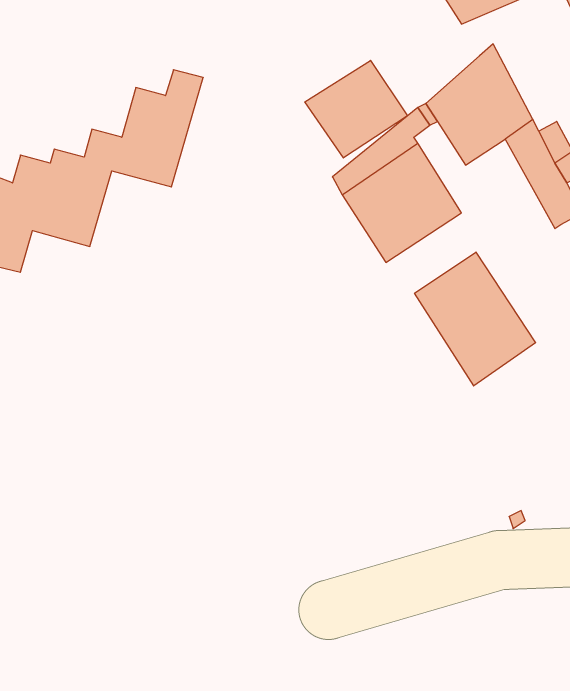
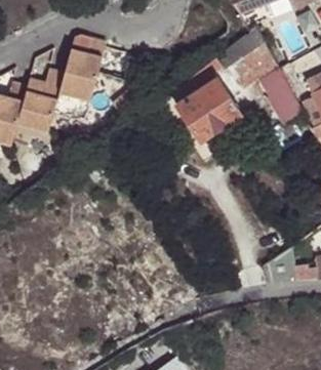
building: [305,60,408,158] -> none
building: [415,252,536,386] -> none

